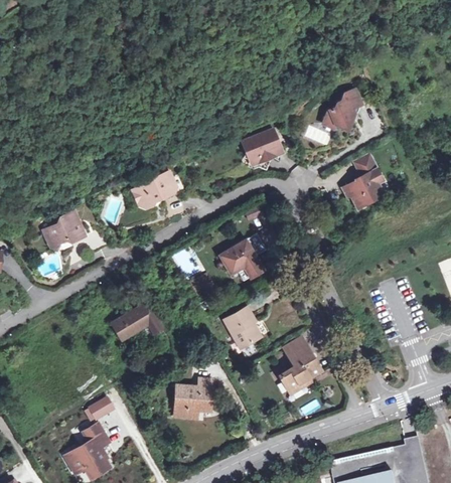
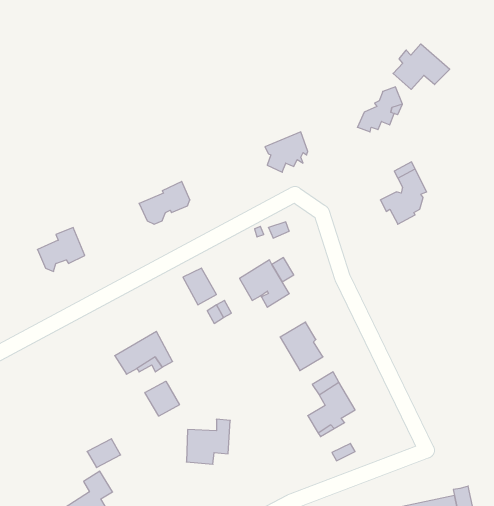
building: none -> [393,44,450,89]
building: [222,306,260,348] -> [280,322,323,371]
building: none -> [145,381,179,416]

